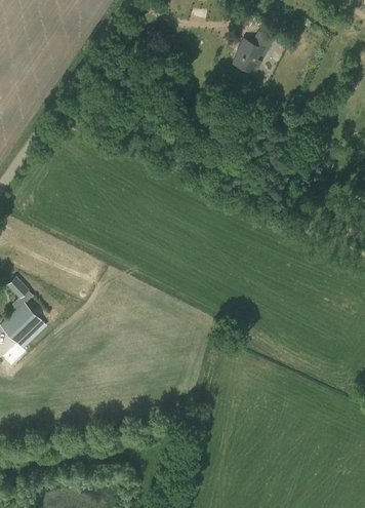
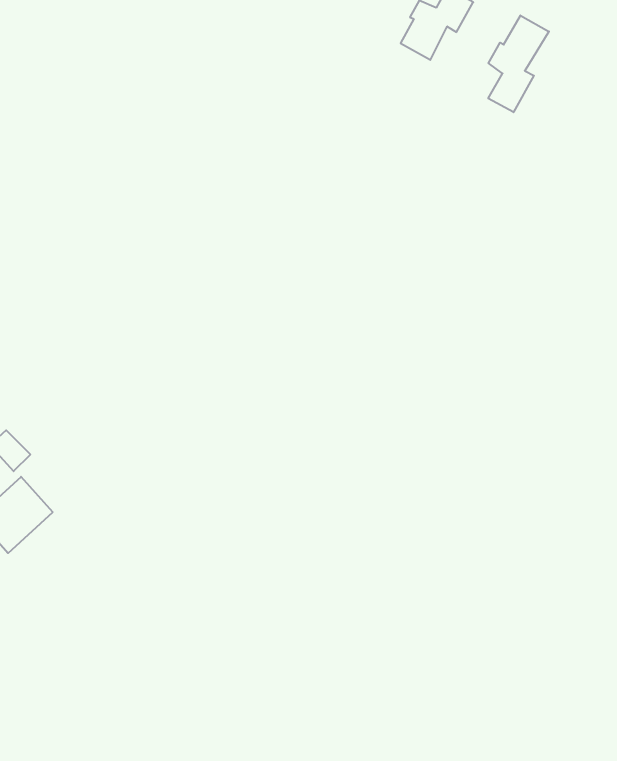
building: none -> [488,15,549,112]

